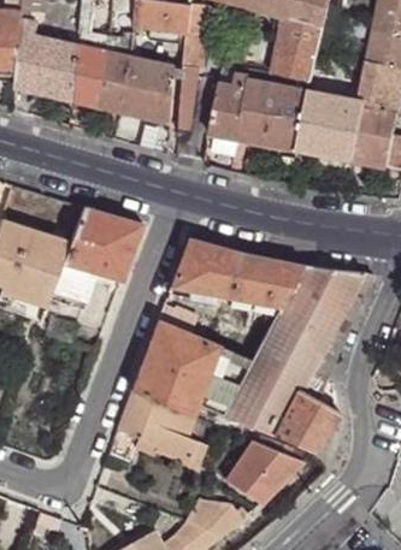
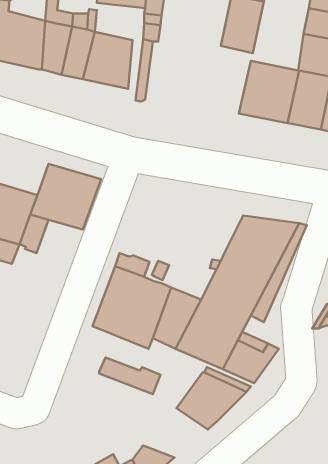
building: [211,75,309,150] -> none
building: [171,238,301,306] -> none
building: [118,389,195,439] -> none
building: [189,499,244,536] -> none

